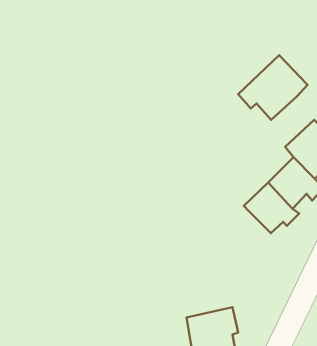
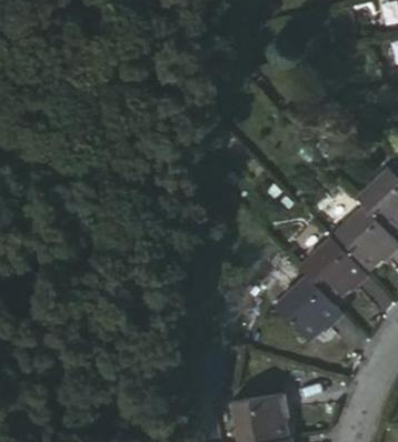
building: [238,55,308,120] -> none
building: none -> [269,274,341,340]

